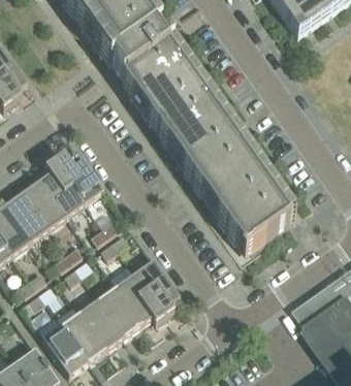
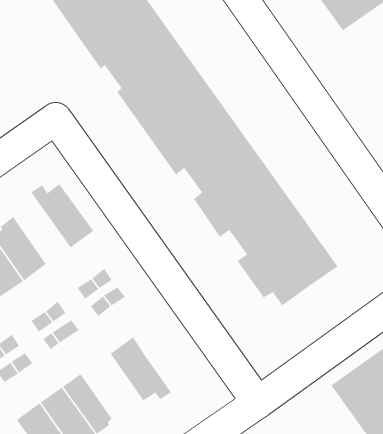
building: [41,159,86,215] -> none
building: [135,258,180,315] -> none
building: [94,285,142,335] -> none

